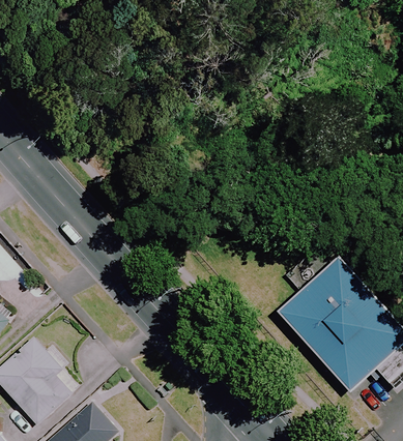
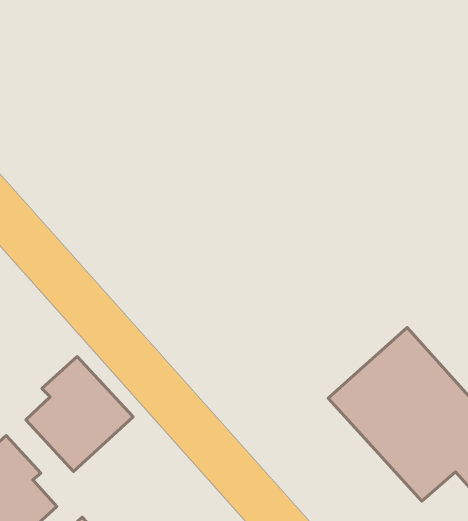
building: none -> [26,357,133,472]

